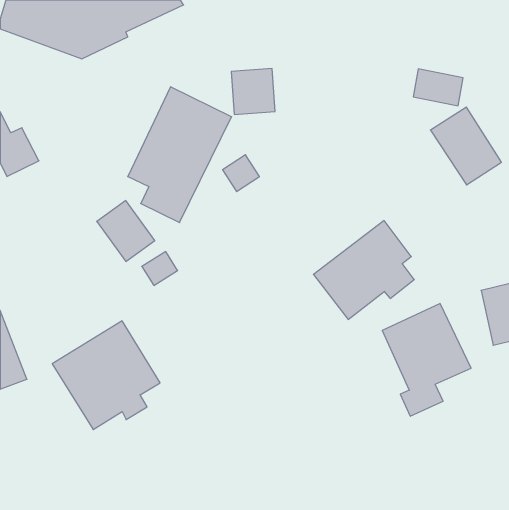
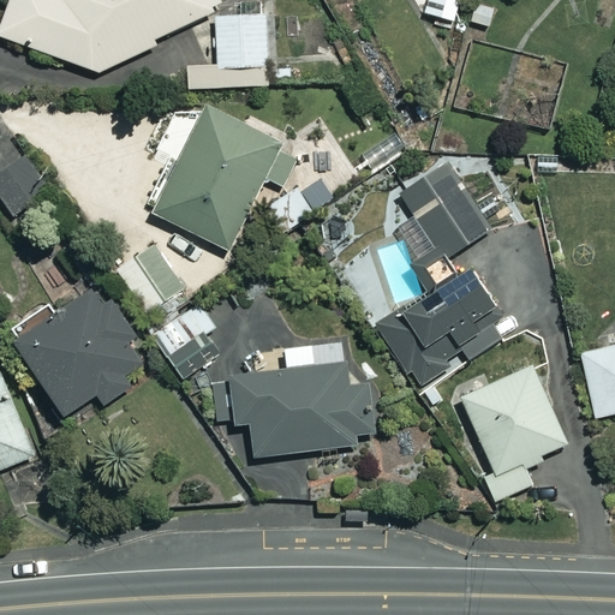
building: [231,69,275,114] -> [216,12,269,67]
building: [430,107,501,185] -> [400,165,485,258]
building: none -> [228,341,369,456]
building: [52,321,160,430] -> [13,283,143,414]

